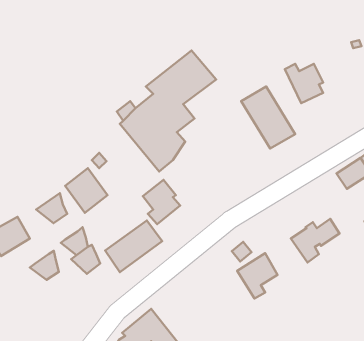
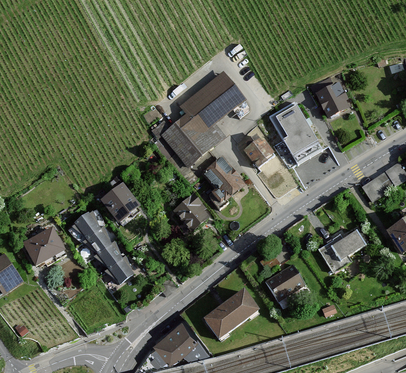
building: none -> [243,134,277,168]
building: none -> [203,154,245,210]
building: [105,220,162,272] -> [204,290,259,340]
building: [30,251,59,280] -> [83,223,111,251]

